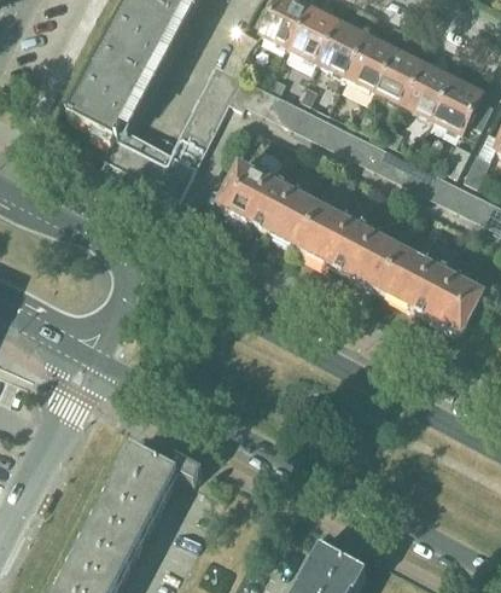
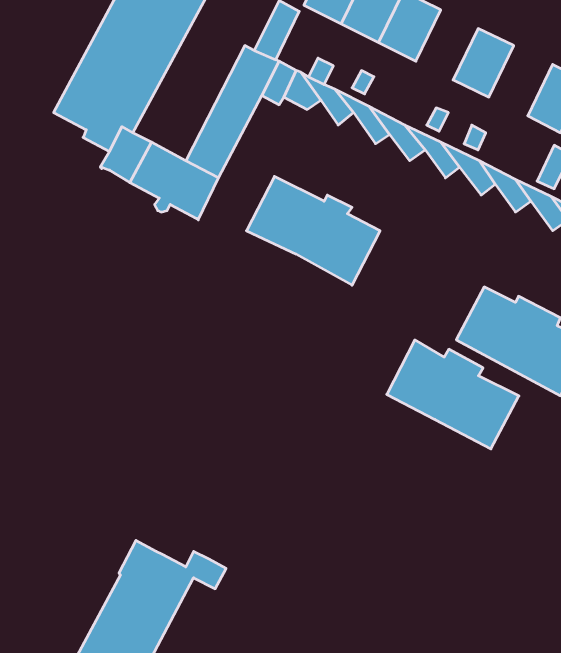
building: [346,34,395,88] -> none
building: [403,62,453,116] -> none
building: [297,205,400,290] -> [387,340,519,449]

